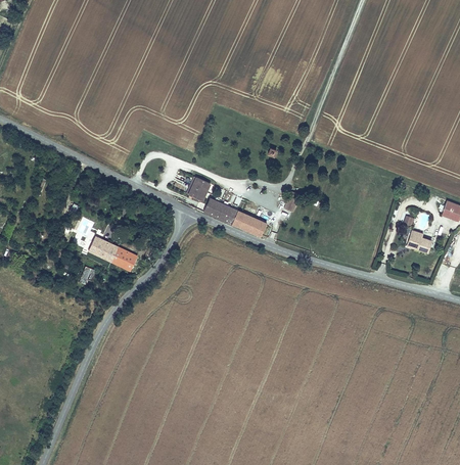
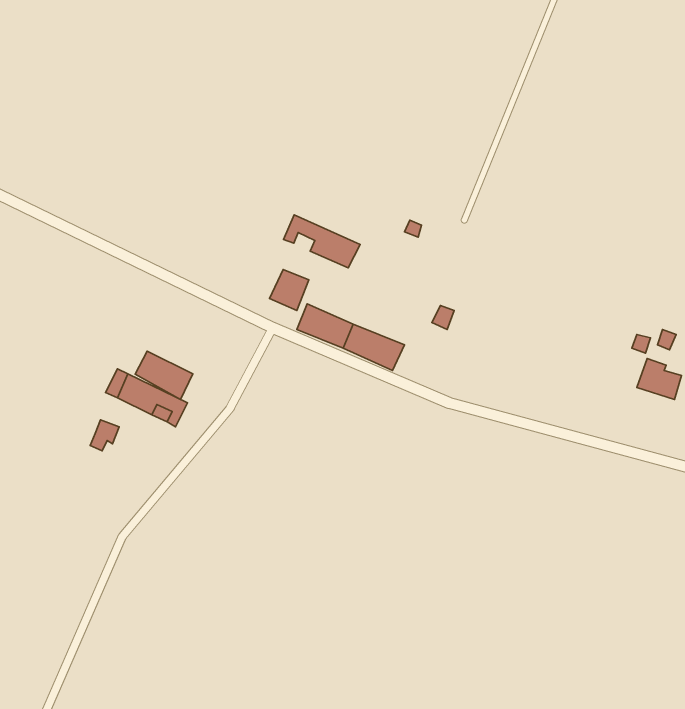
building: none -> [283,215,360,268]
building: none -> [135,351,193,399]

